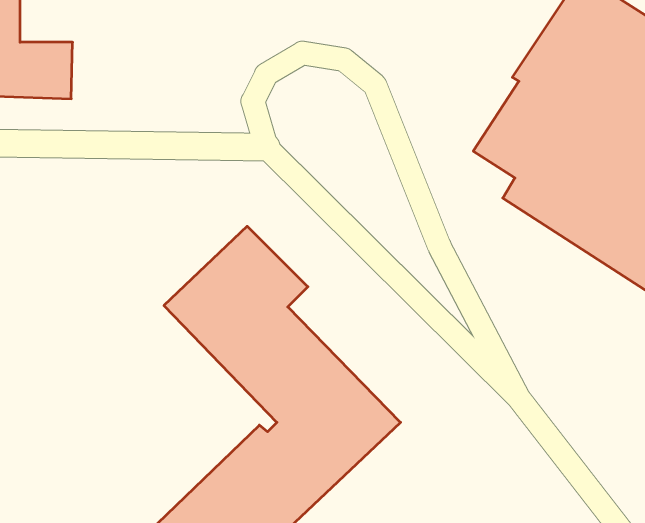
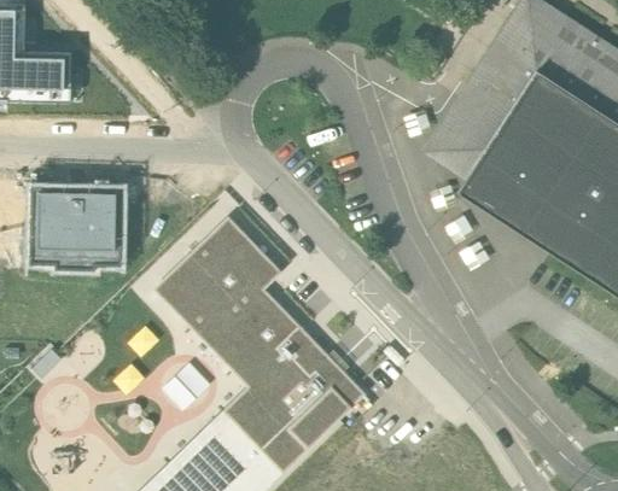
building: none -> [29,185,122,268]

